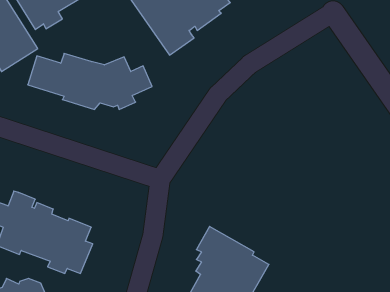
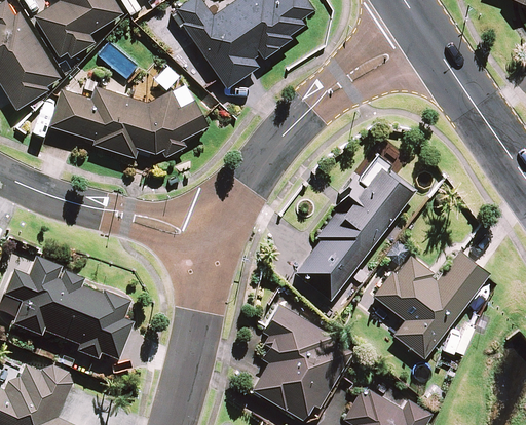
building: none -> [294,166,415,301]
building: none -> [371,250,488,358]

